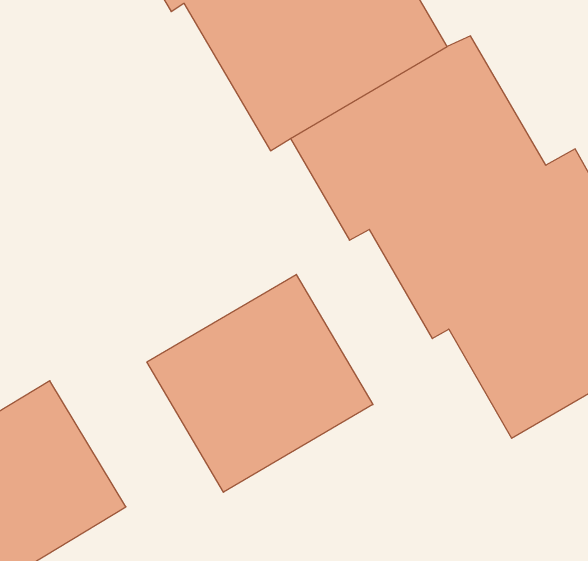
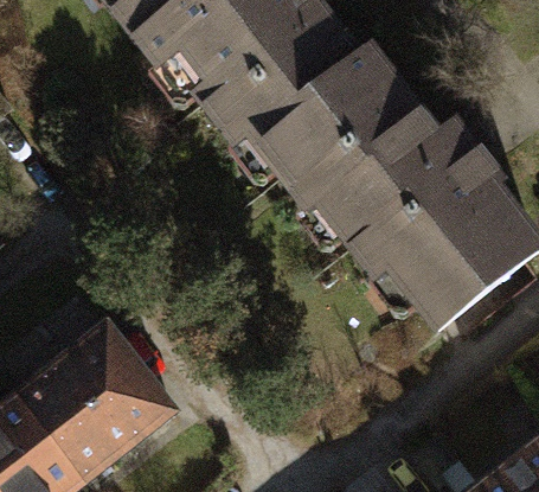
building: [147,274,373,492] -> none

